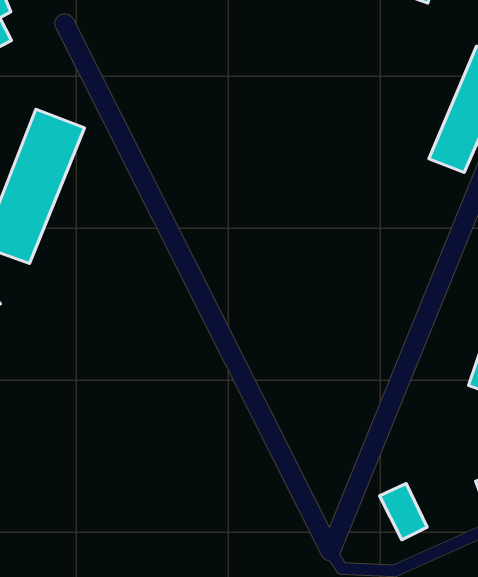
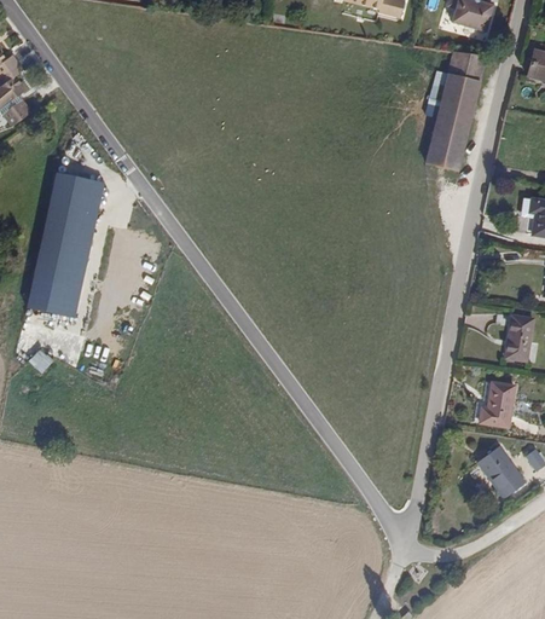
building: none -> [477,384,512,427]
building: [379,484,427,540] -> [472,447,522,501]

